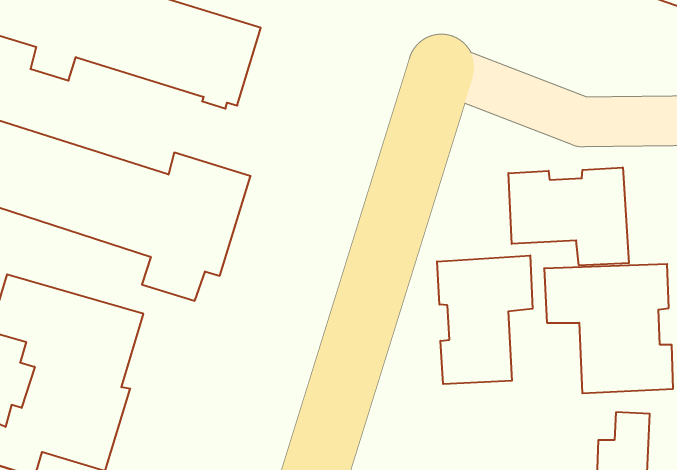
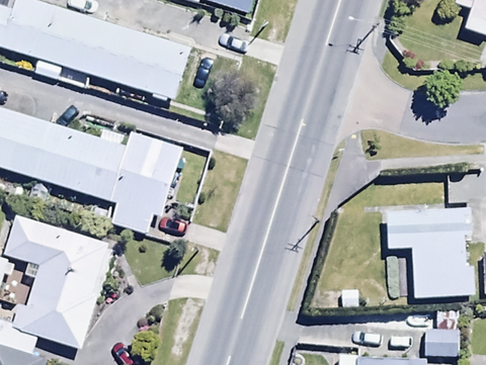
building: [508,167,629,265] -> none
building: [437,255,533,384] -> none

